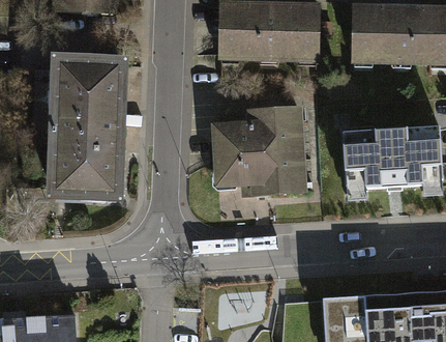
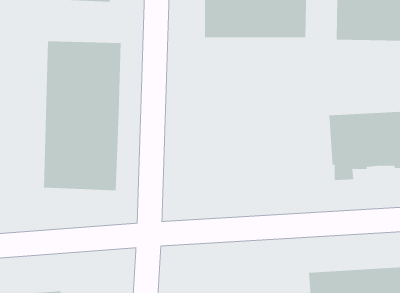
building: [211,111,308,204] -> none

